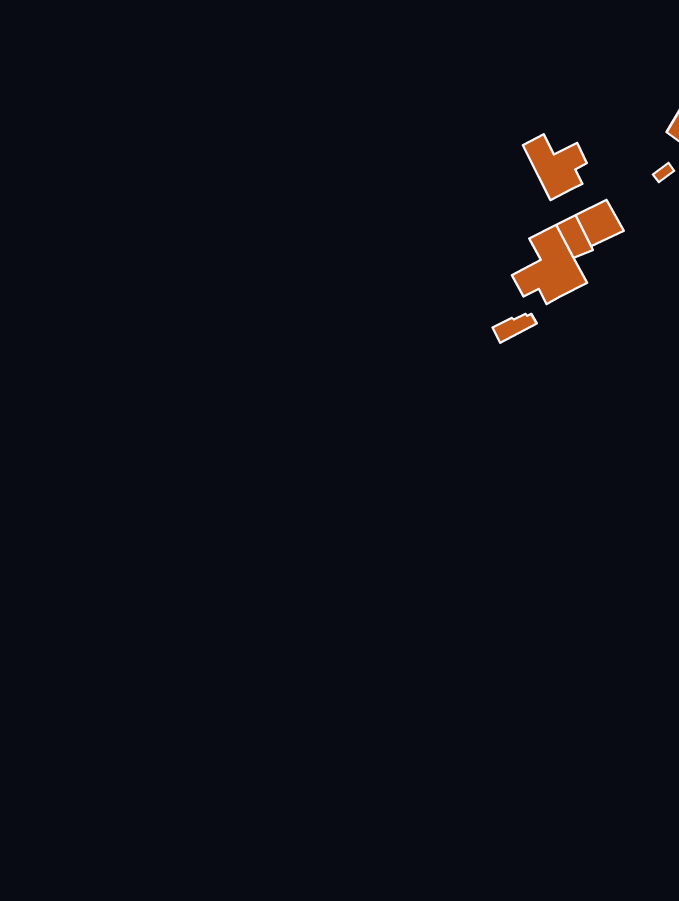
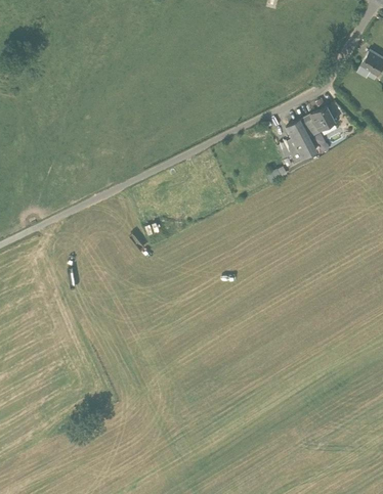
building: [523,134,587,200] -> none

